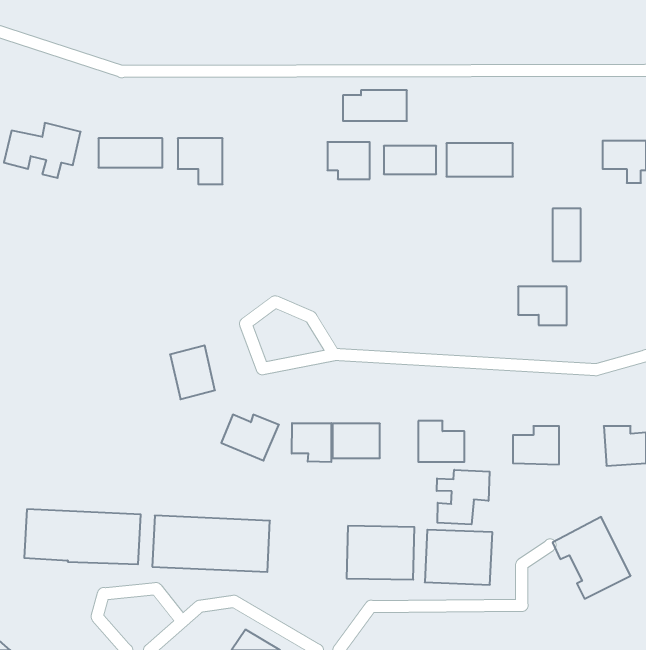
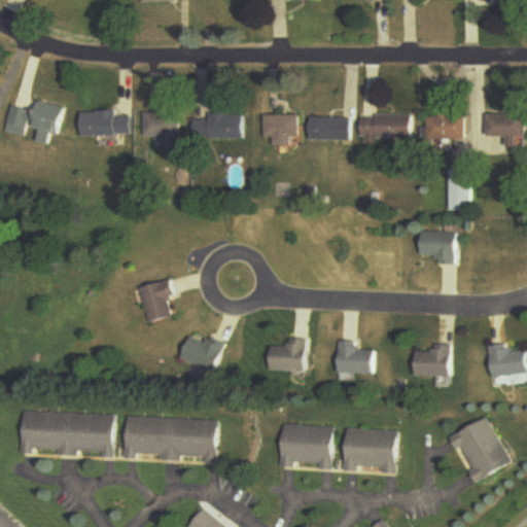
building: [343,90,407,121] -> [192,113,244,138]
building: none -> [425,114,464,139]
building: [292,423,331,462] -> none
building: [437,470,490,524] -> none

